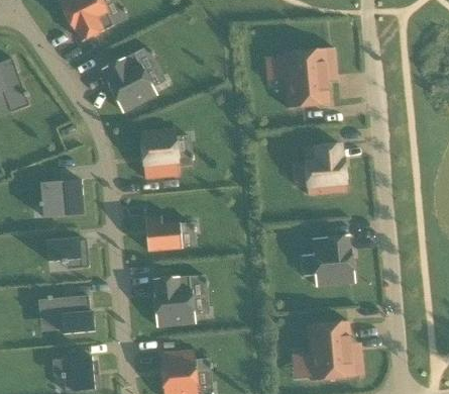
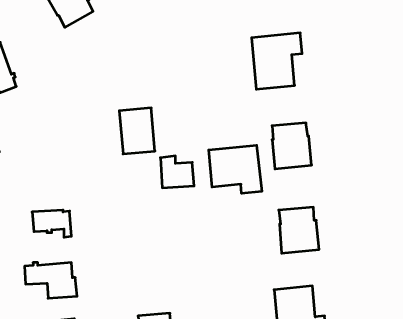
building: [102,54,156,112] -> none
building: none -> [209,145,262,193]
building: [30,179,85,217] -> none
building: [145,216,182,251] -> [160,156,194,188]
building: [153,276,195,326] -> none

